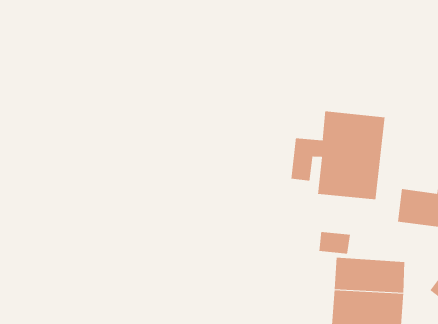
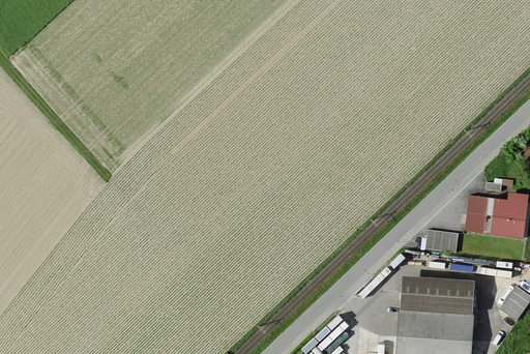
building: [291,111,385,200] -> none
building: [319,232,351,254] -> [424,231,459,255]

